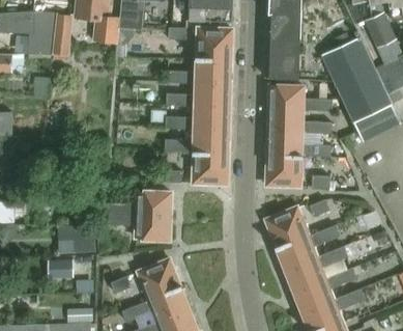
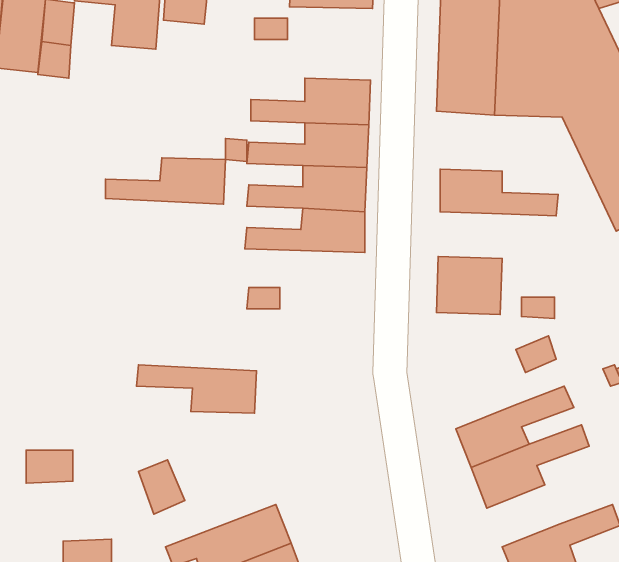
building: [196,29,232,61] -> none
building: [268,86,333,111] -> none
building: [267,132,330,158] -> none
building: [193,153,228,185] -> none
building: [107,192,171,217] -> [106,158,226,204]
building: [265,208,308,248] -> none
building: [68,227,95,254] -> none
building: [137,259,180,301] -> none
building: [293,268,356,311] -> none

